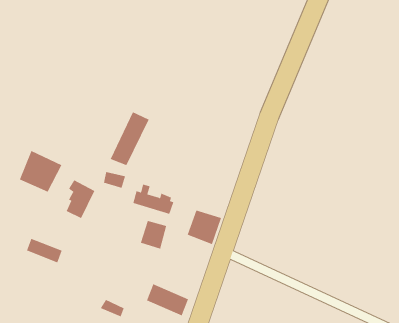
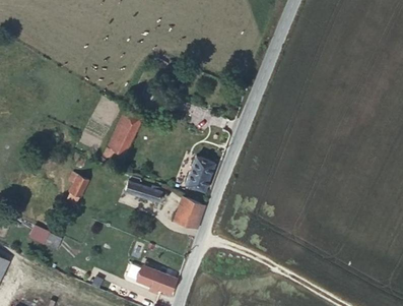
building: [19,150,62,193] -> none
building: none -> [185,156,215,191]
building: [140,220,167,249] -> none

